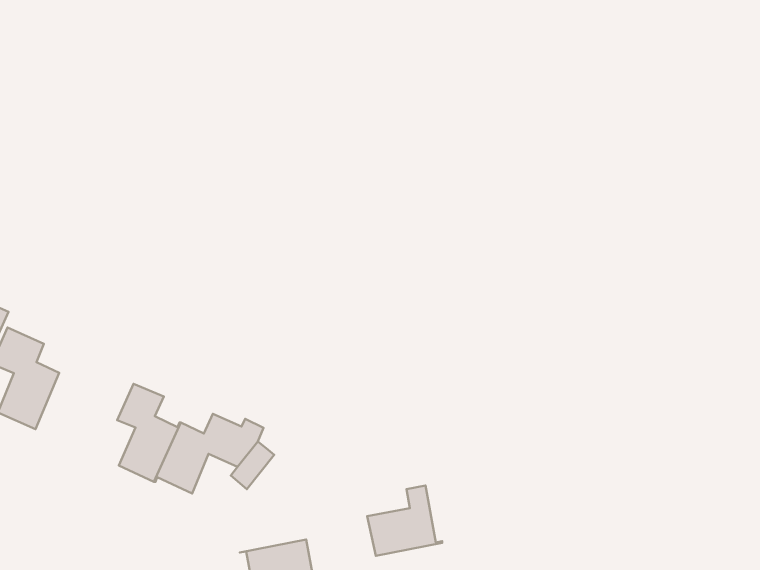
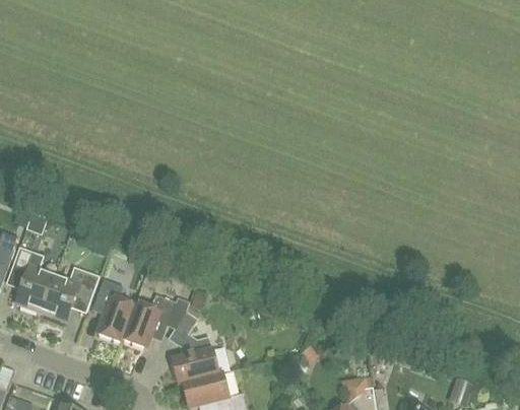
building: none -> [41,267,99,322]
building: [367,486,442,556] -> [172,337,221,385]

